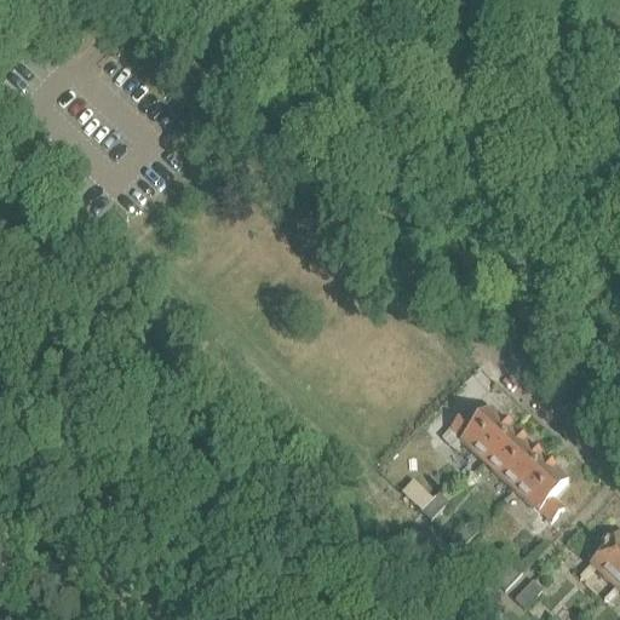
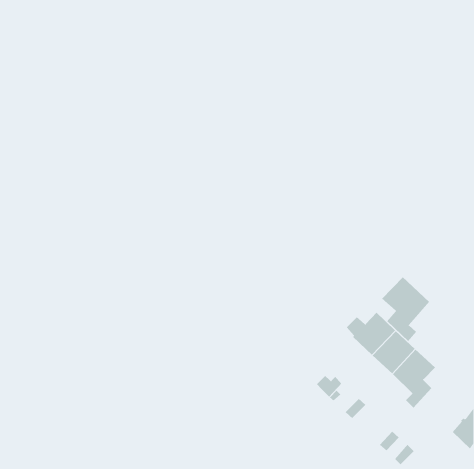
building: none -> [381,276,430,342]

